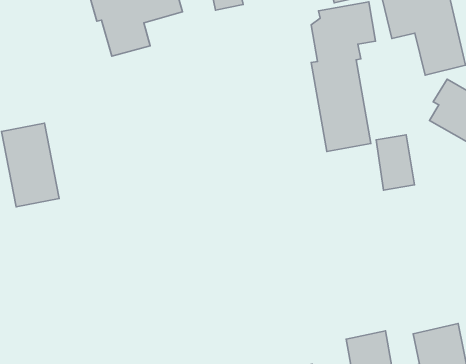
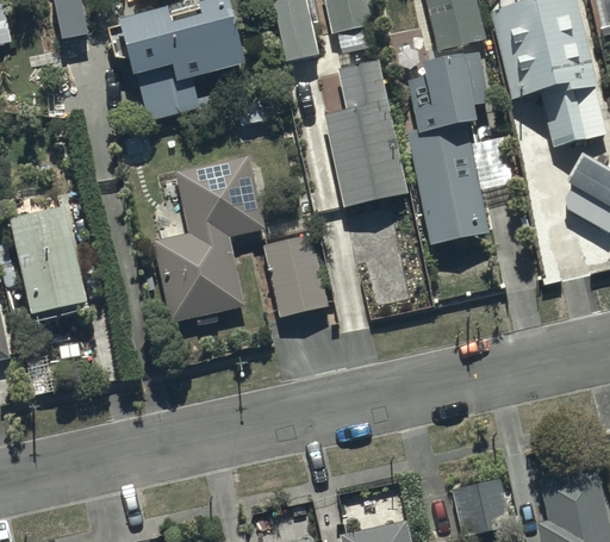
building: none -> [323,60,407,206]
building: none -> [154,155,263,319]
building: [376,135,414,190] -> none
building: none -> [263,233,330,317]

